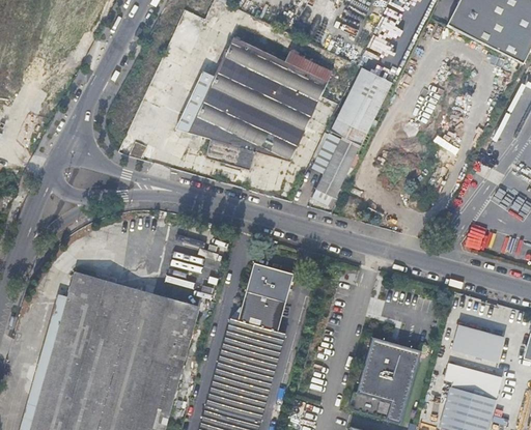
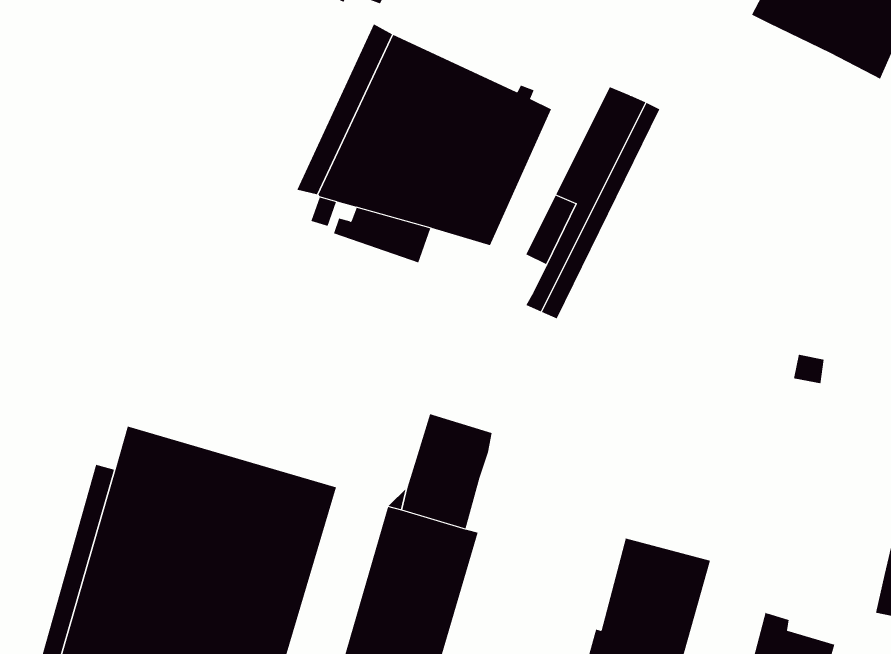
building: [448,323,502,361] -> none
building: [445,362,500,385] -> none

